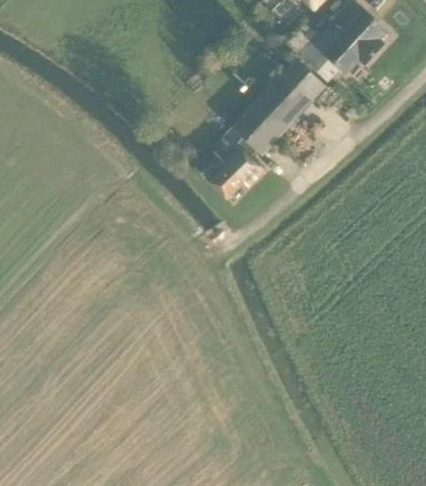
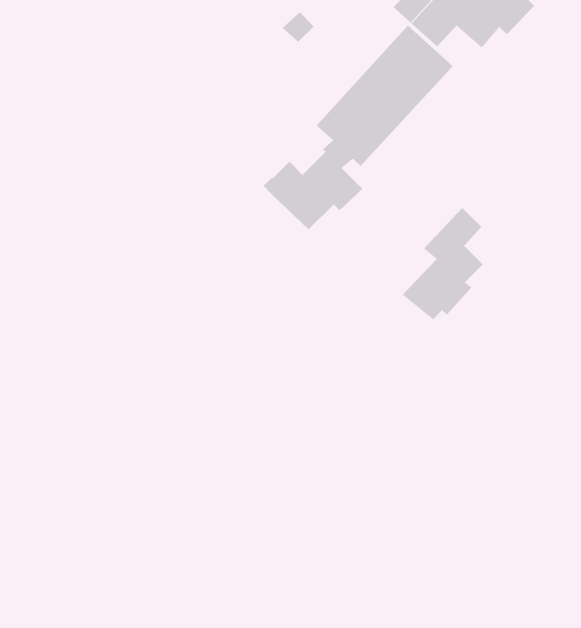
building: none -> [402,207,483,320]

